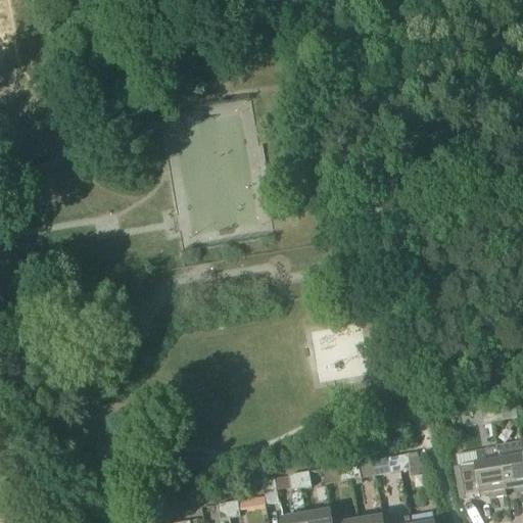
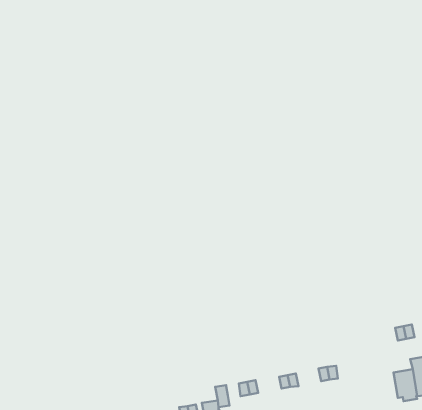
building: [464,459,491,493] -> none

